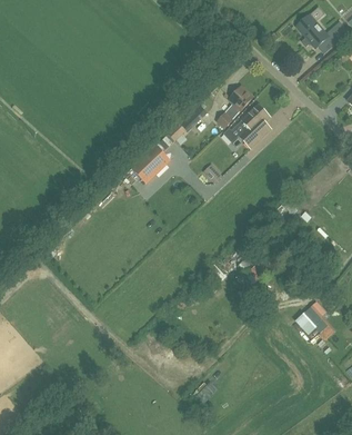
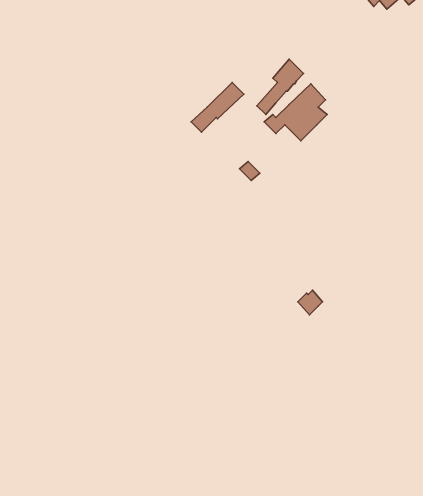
building: [132,146,172,182] -> none
building: [294,300,330,335] -> none

